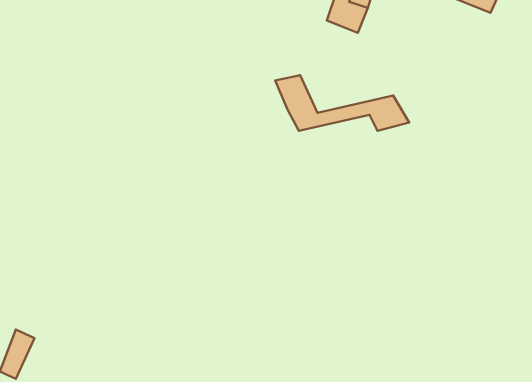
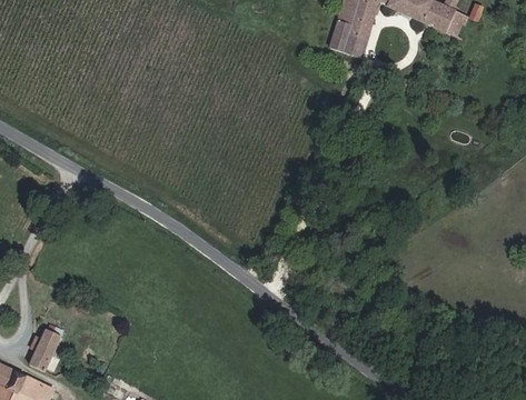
building: [275,75,409,131] -> none

